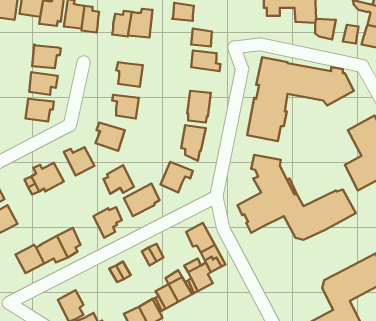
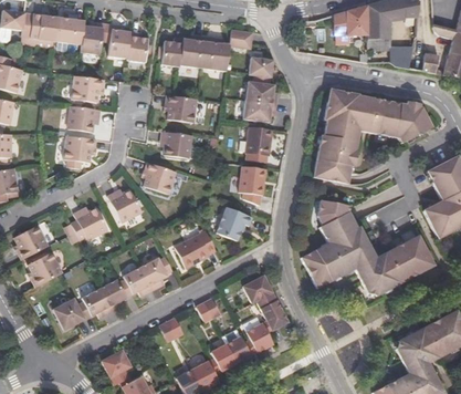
building: none -> [203,35,230,70]
building: none -> [248,100,282,123]
building: [103,165,134,194] -> [118,267,153,299]

